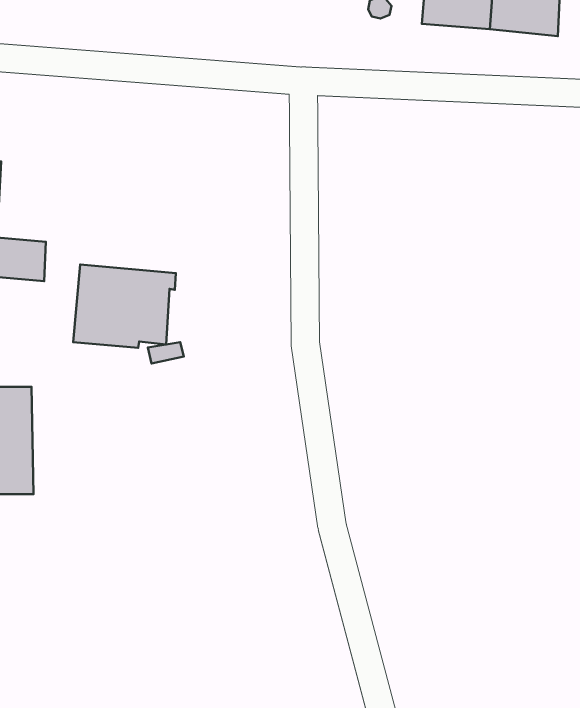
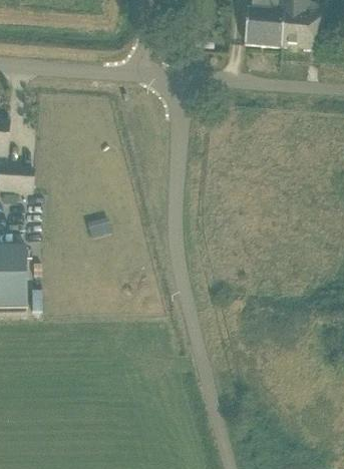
building: [73,264,176,348] -> none

